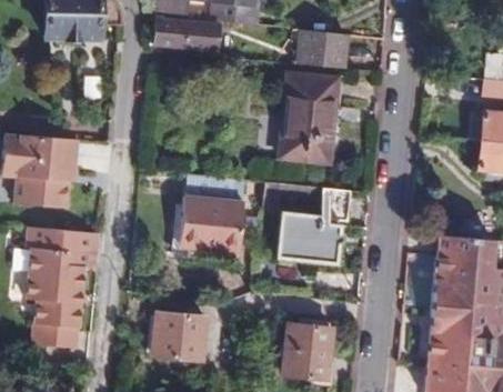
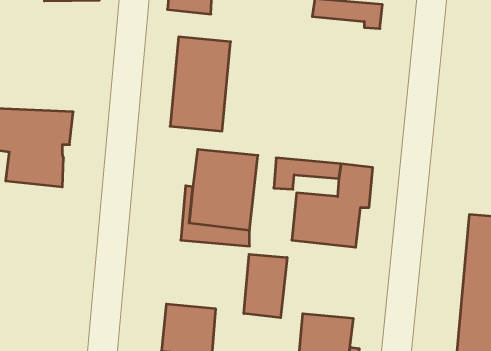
building: [280,77,335,163] -> [170,37,231,131]
building: [27,231,97,350] -> none
building: none -> [244,254,287,318]

